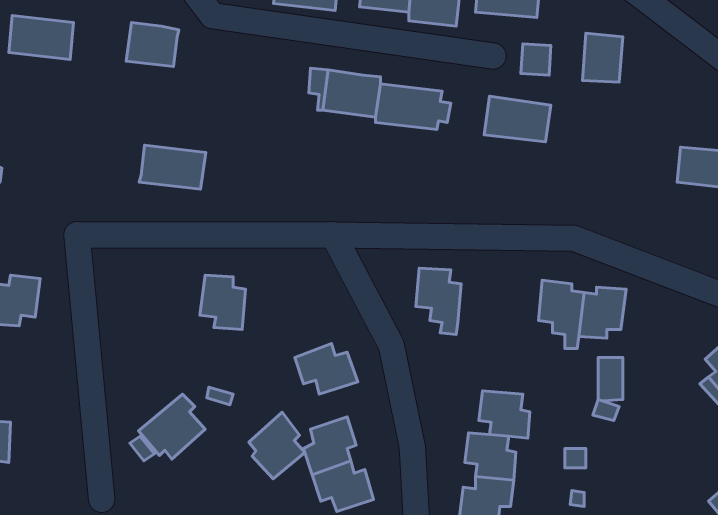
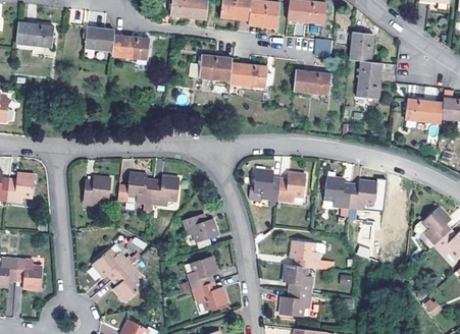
building: none -> [356,61,381,99]
building: [139,145,206,189] -> [111,35,150,60]
building: none -> [277,172,305,203]
building: none -> [84,176,111,207]
building: none -> [152,176,180,206]
building: [249,412,305,479] -> [111,263,144,301]
building: none -> [16,259,43,290]

